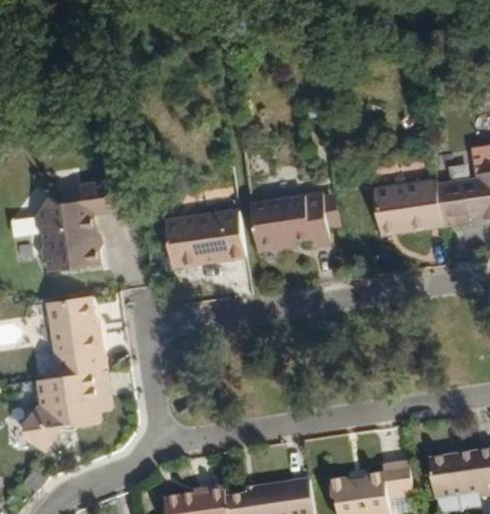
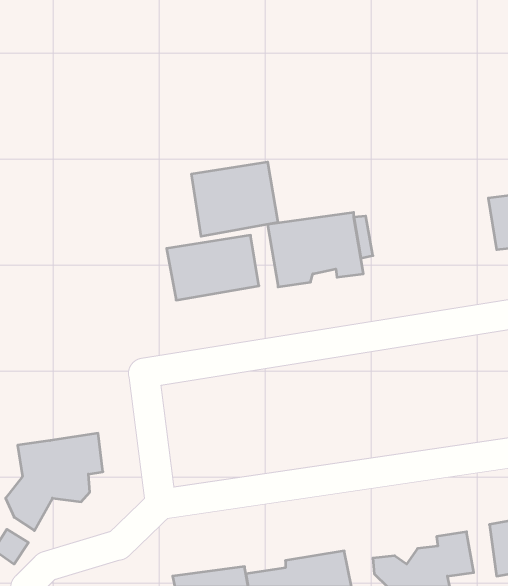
building: none -> [192,162,278,236]
building: [370,181,437,233] -> none
building: [35,182,119,275] -> none
building: [48,300,107,383] -> none

